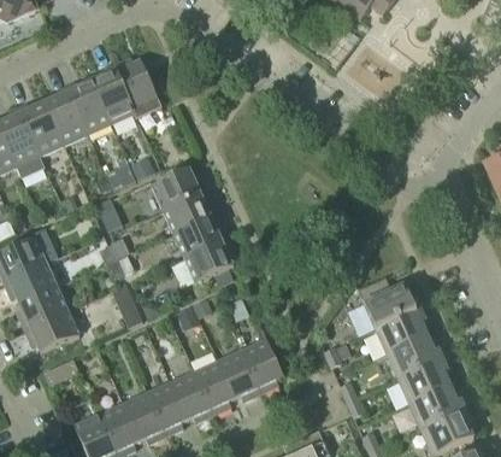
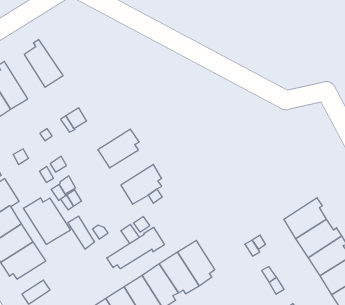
building: [111,57,161,118] -> none
building: [65,81,110,135] -> none
building: [152,168,206,210] -> none
building: [173,217,228,257] -> none
building: none -> [23,198,70,244]
building: [358,276,420,328] -> none
building: none -> [107,227,164,269]

